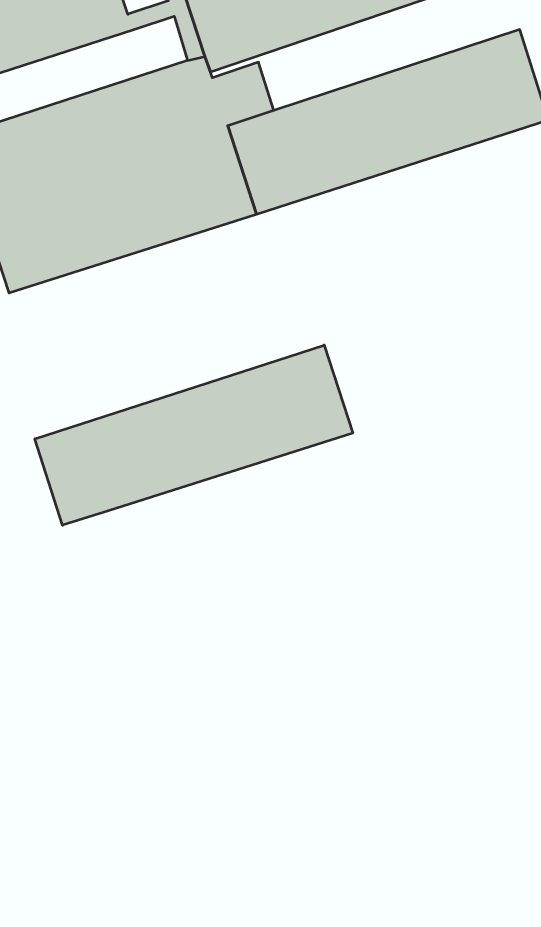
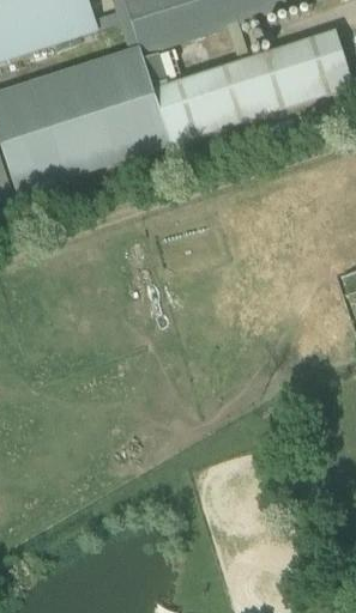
building: [35,345,353,525] -> none

